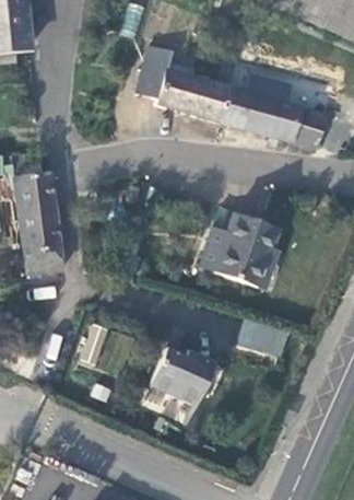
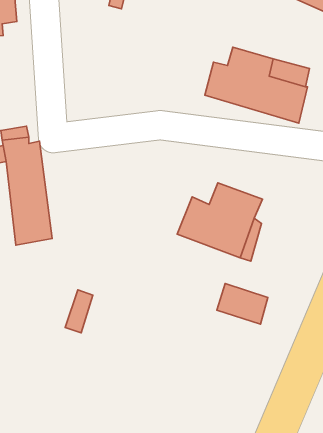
building: [137,42,231,123] -> none
building: [143,338,223,415] -> none

